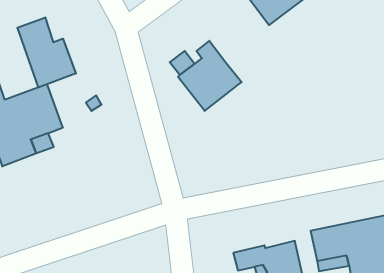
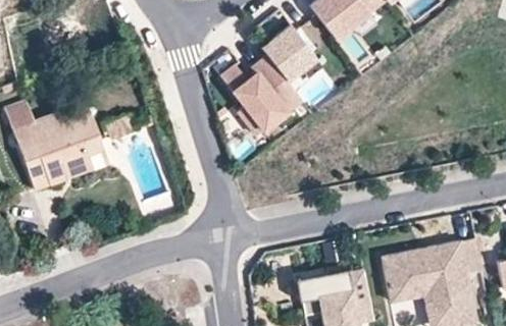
building: none -> [260,19,314,75]
building: [17,17,76,87] -> none

